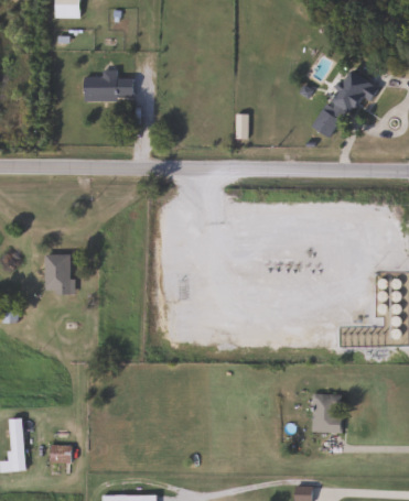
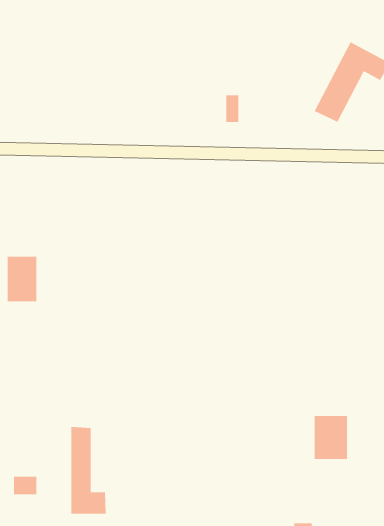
building: [84,70,133,99] -> none
building: none -> [71,426,106,515]

